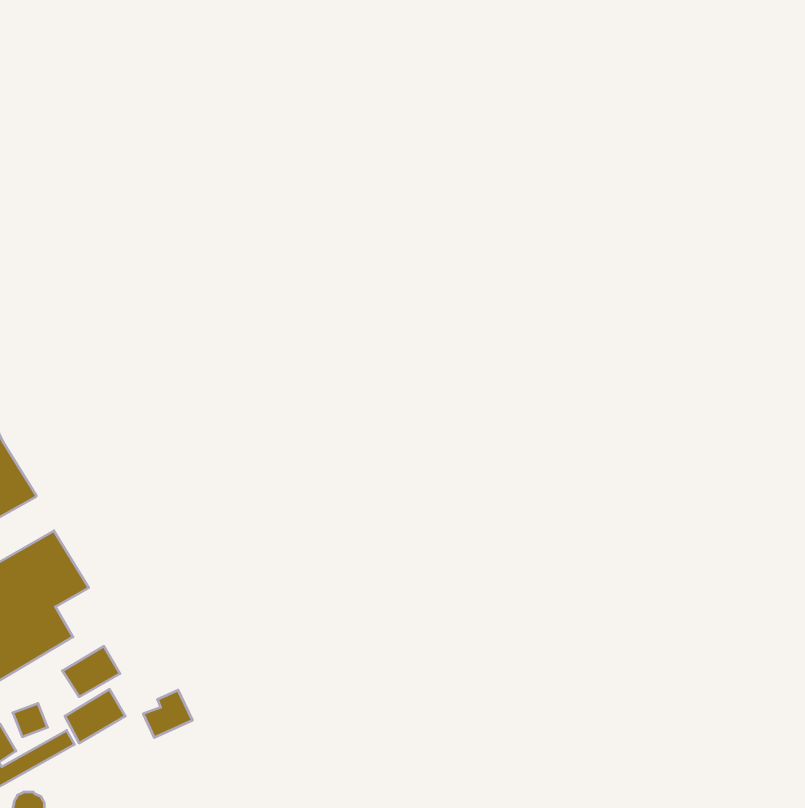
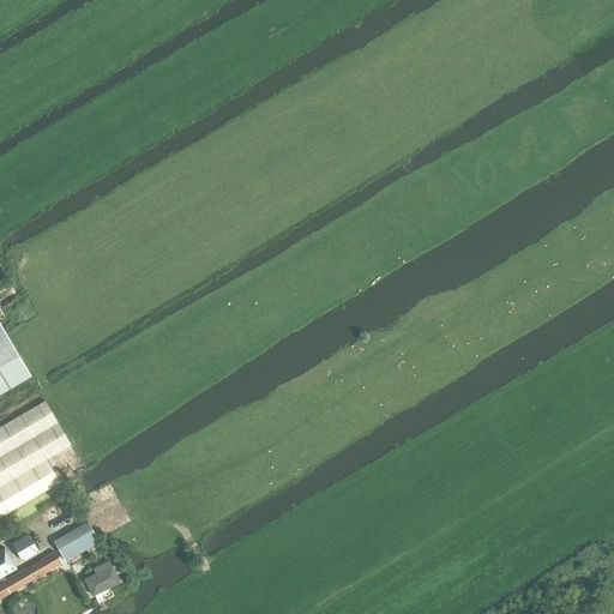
building: [62,646,120,697] -> none
building: [143,690,192,738] -> [79,561,116,597]

